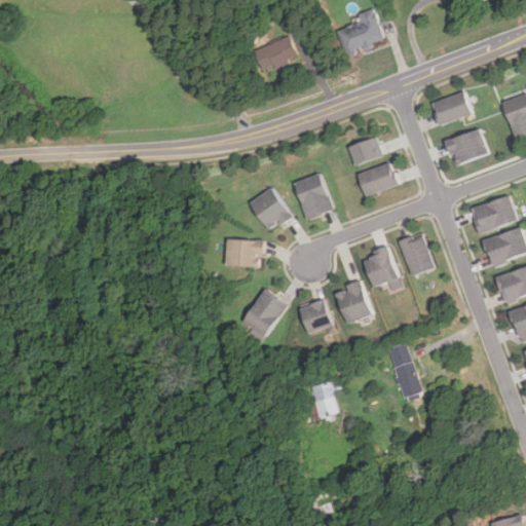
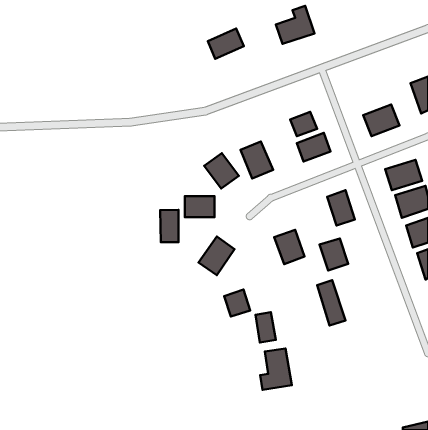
building: [431,90,472,124] -> none
building: [363,247,398,286] -> [320,239,348,271]
building: none -> [160,210,179,242]
building: [300,299,332,332] -> [224,290,250,316]
building: none -> [260,349,292,390]

